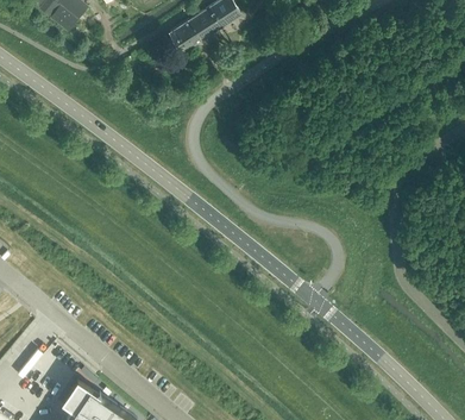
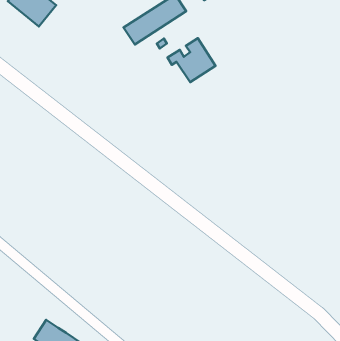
building: none -> [168,38,216,82]

